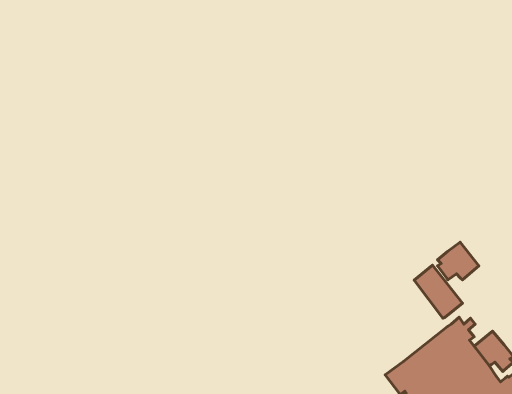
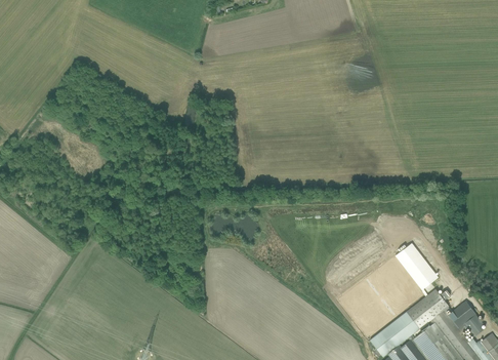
building: [437,242,479,280] -> none

